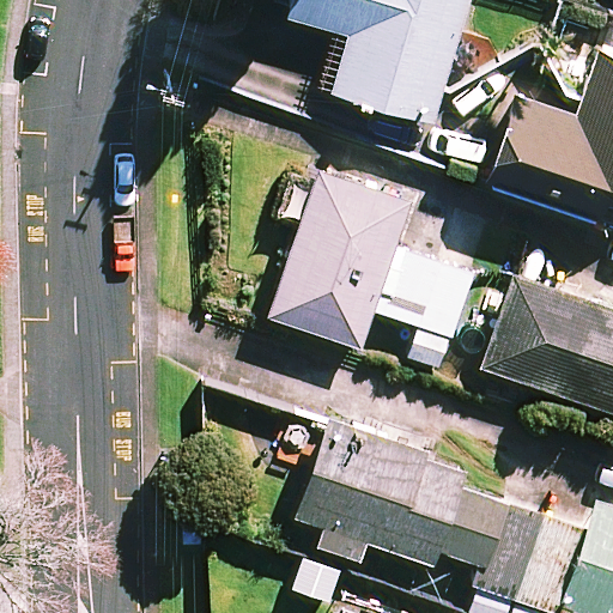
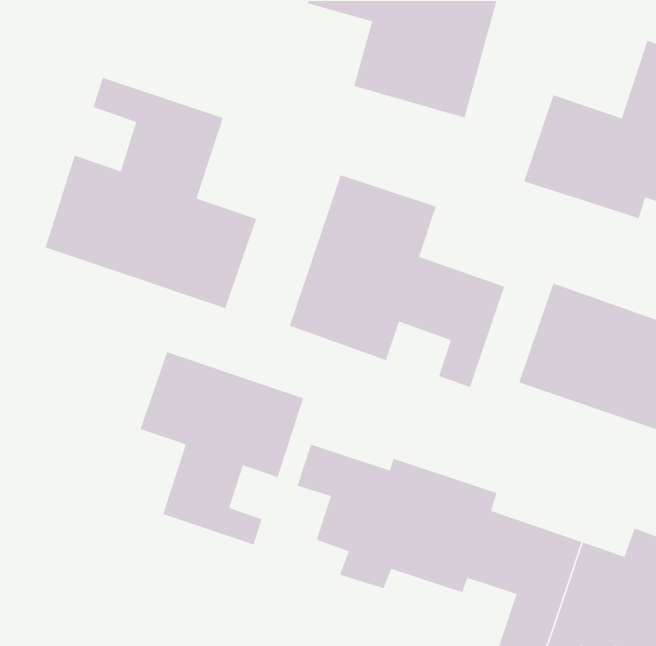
building: none -> [45,77,257,309]
building: none -> [139,351,304,545]

